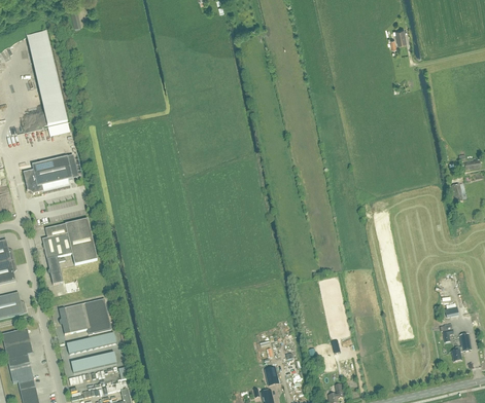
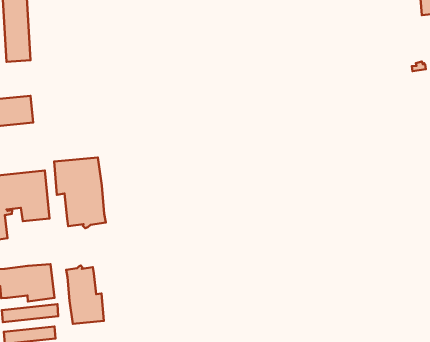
building: none -> [54,157,106,228]
building: none -> [66,266,104,324]

